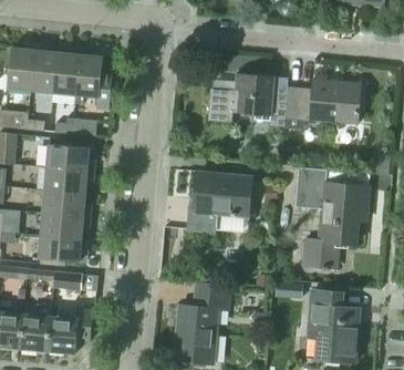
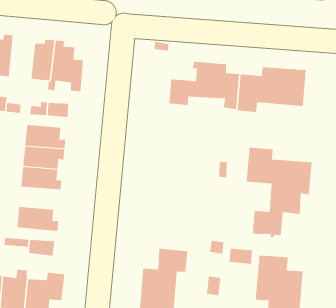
building: [31,44,59,93] -> none
building: [187,173,252,233] -> none
building: [41,214,89,239] -> none

